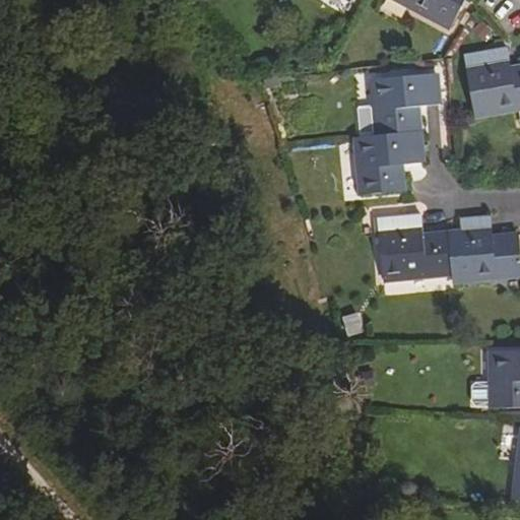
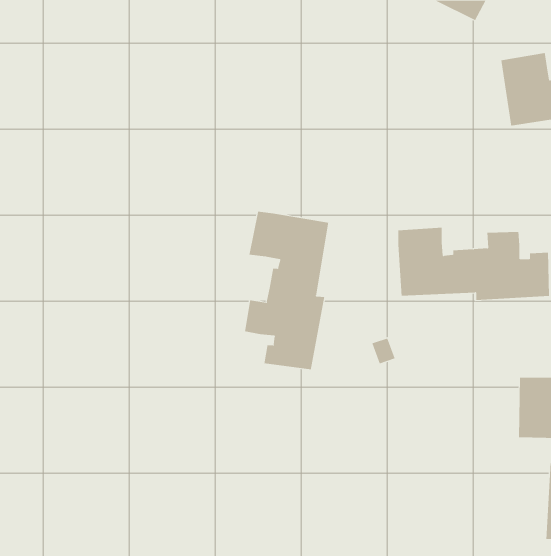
building: [354,72,439,192] -> none
building: none -> [245,211,329,370]

